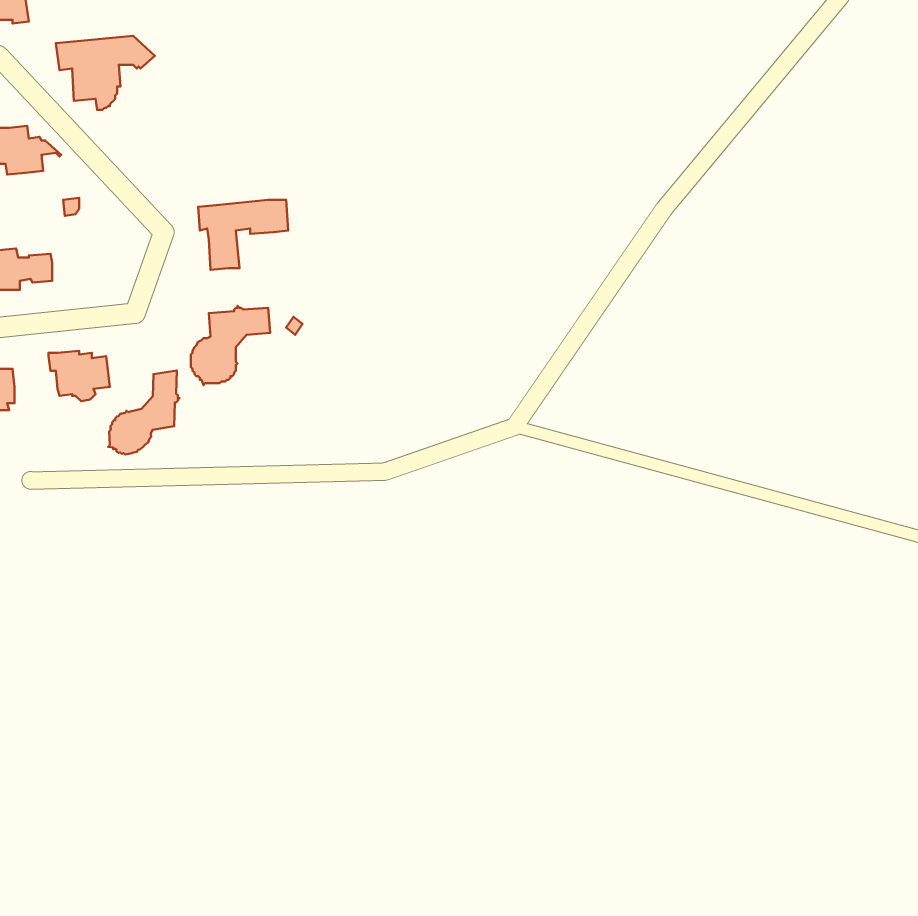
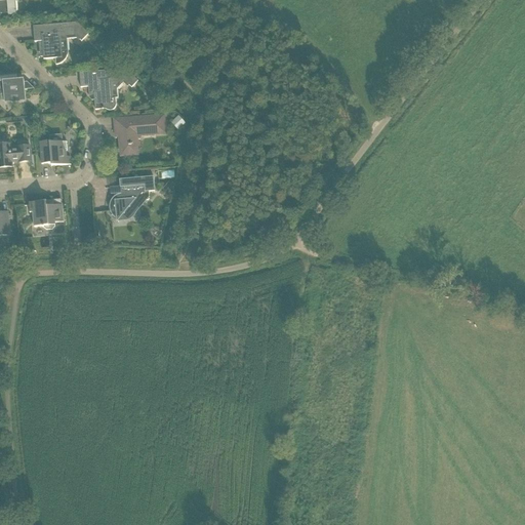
building: none -> [78,67,137,109]
building: none -> [39,139,70,164]
building: [108,370,180,455] -> none

